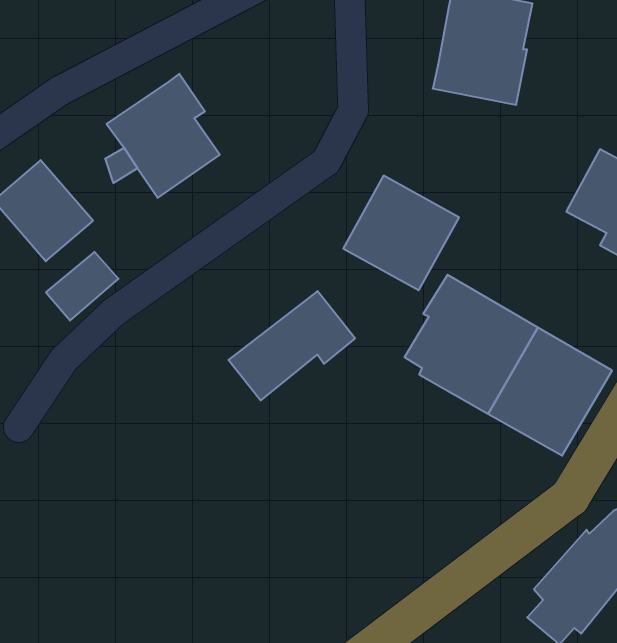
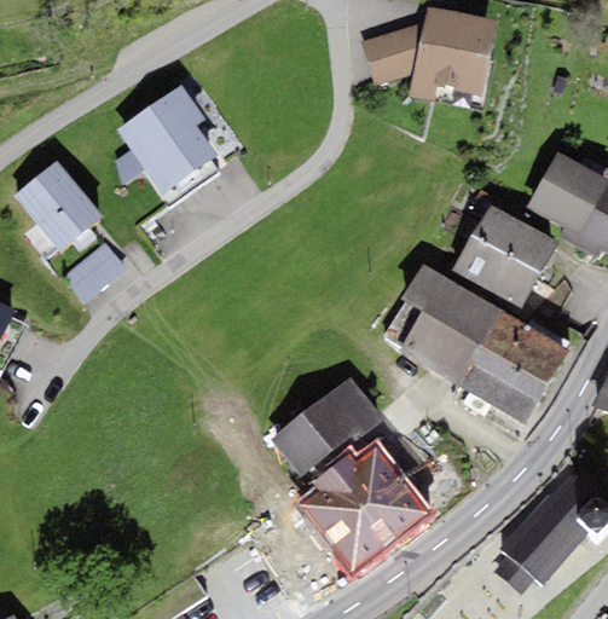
building: none -> [361,22,423,85]
building: [343,176,459,290] -> [453,204,557,307]
building: [228,291,355,400] -> [271,376,384,474]
building: none -> [296,439,435,575]

